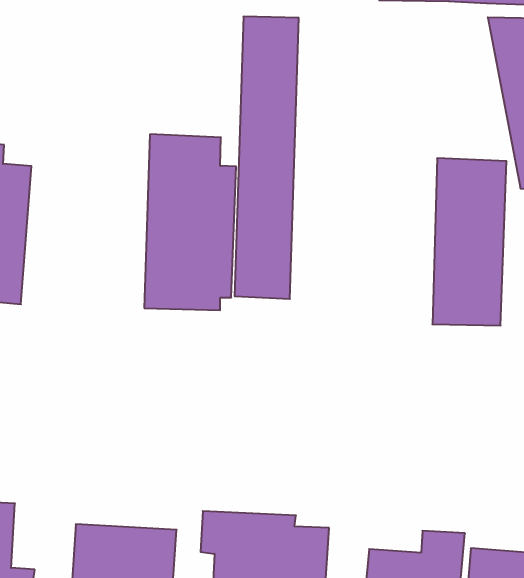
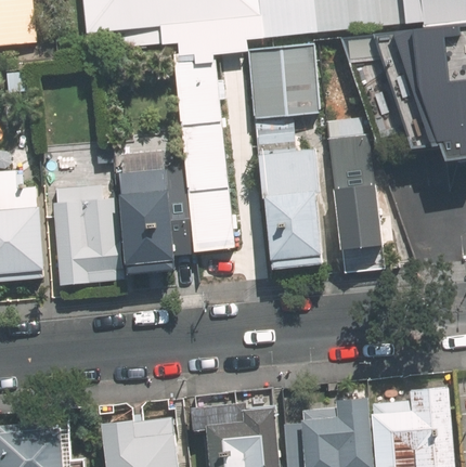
building: none -> [245,44,315,122]
building: none -> [49,168,131,288]
building: none -> [258,150,324,270]

